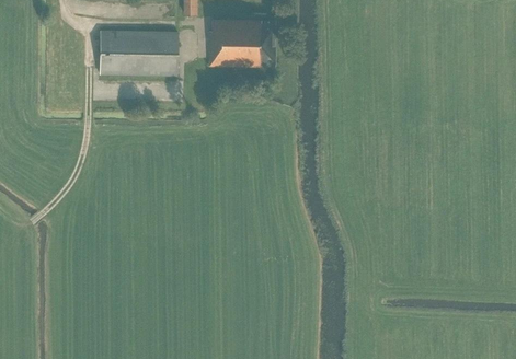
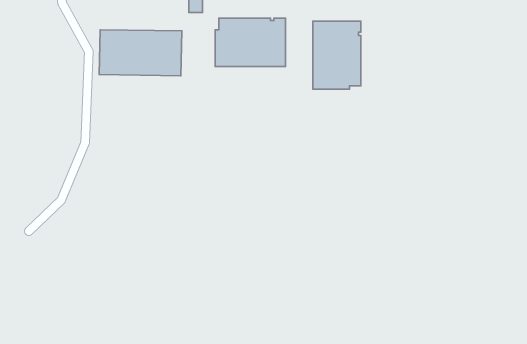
building: none -> [313,21,361,89]

